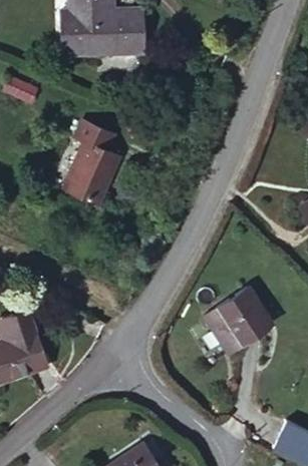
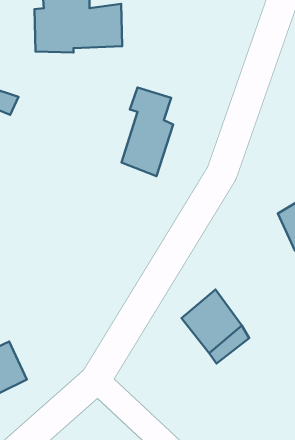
building: [71,124,120,208] -> [121,87,173,176]

